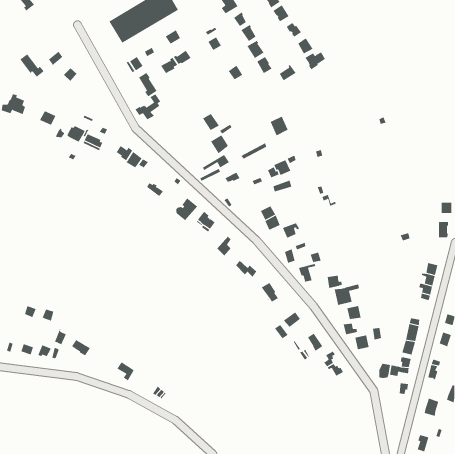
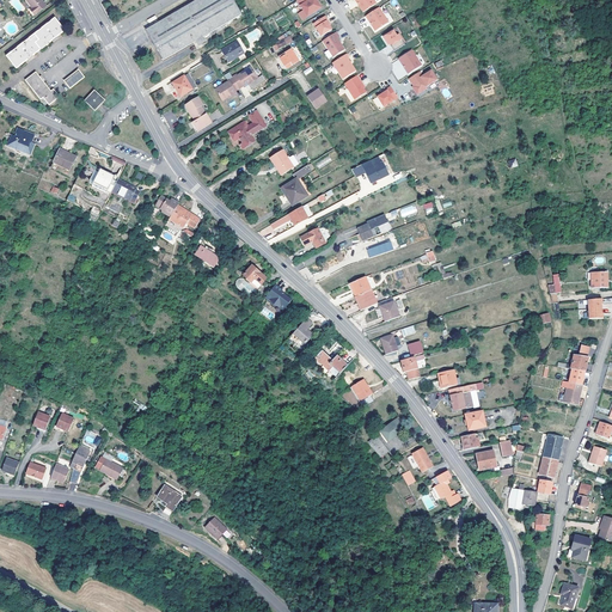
building: none -> [7,17,66,69]
building: [134,93,161,120] -> [228,110,264,146]

